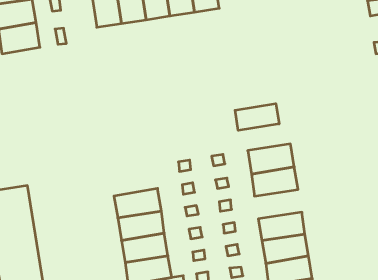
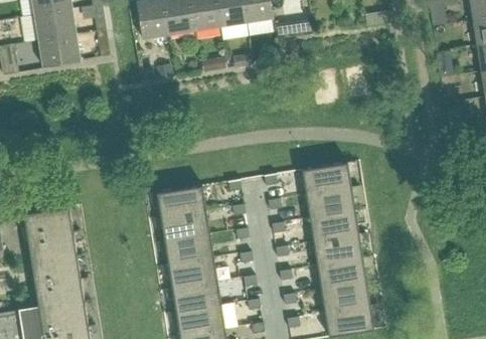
building: [235,104,279,130] -> none
building: none -> [156,185,206,217]
building: none -> [309,210,359,241]

